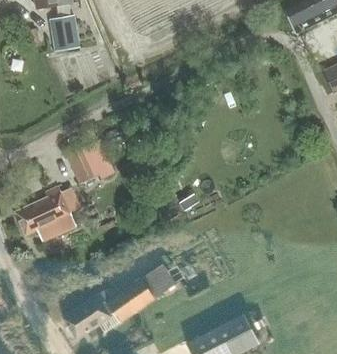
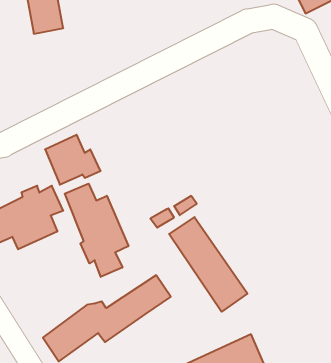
building: none -> [65,184,128,277]
building: none -> [169,217,247,312]

